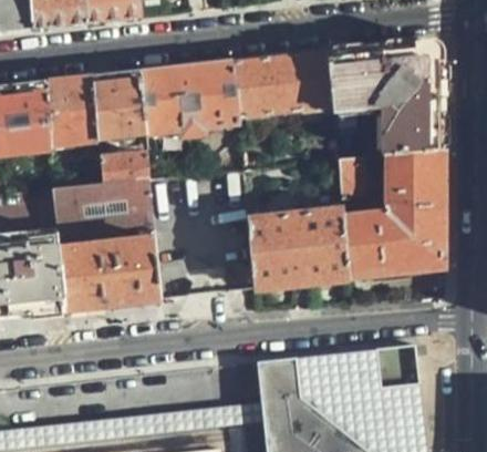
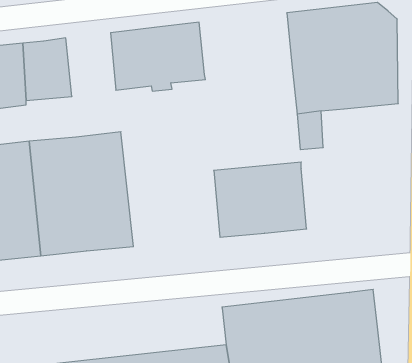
building: [231,51,330,116] -> none
building: [90,72,143,140] -> none
building: [340,147,443,280] -> none
building: [97,154,148,183] -> none

